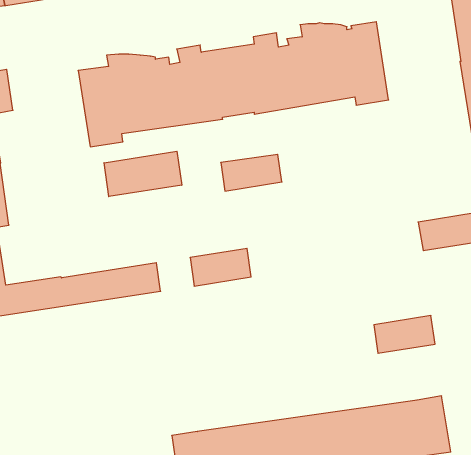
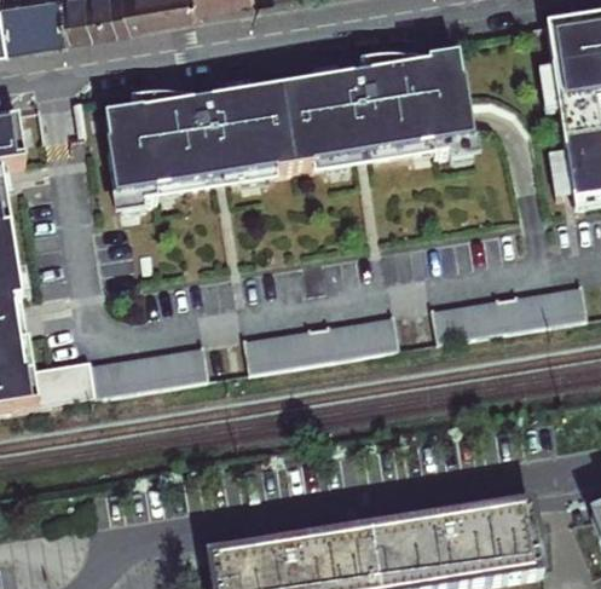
building: [104,151,182,197] -> none
building: [221,154,282,191] -> [322,317,394,360]
building: [374,316,435,353] -> [426,300,498,345]

